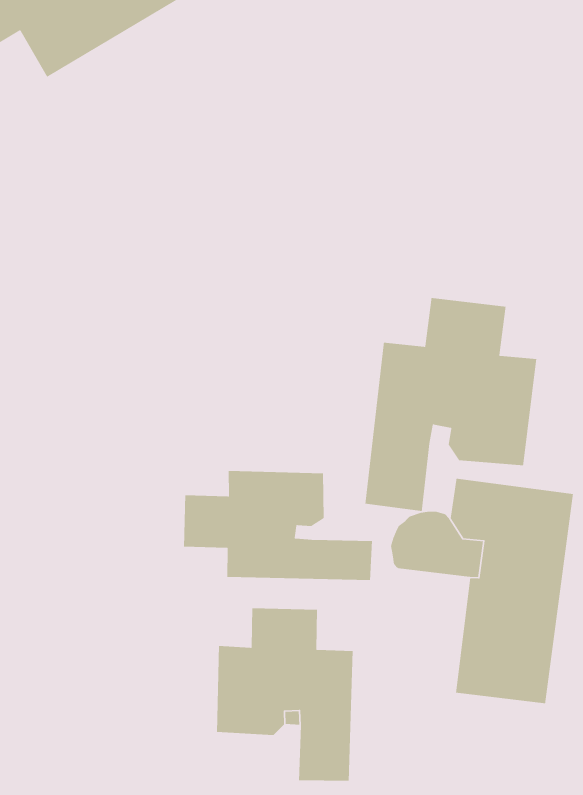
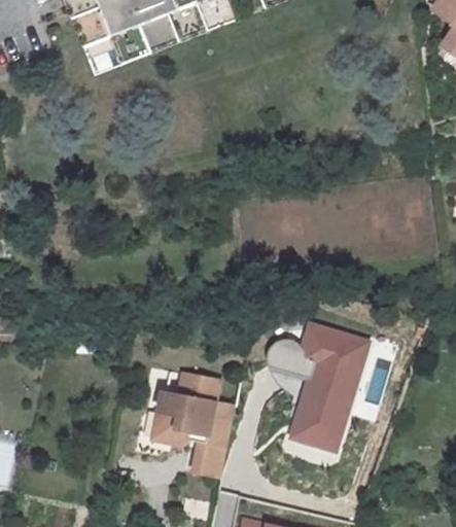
building: [364,297,537,512] -> none
building: [183,470,373,581] -> none

